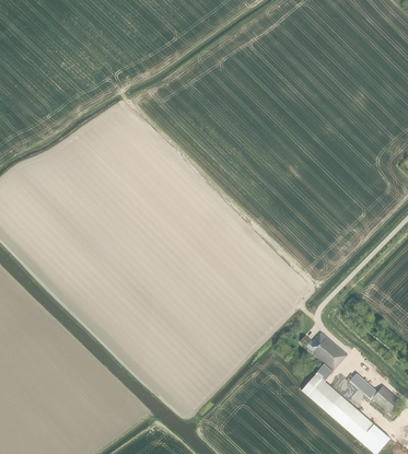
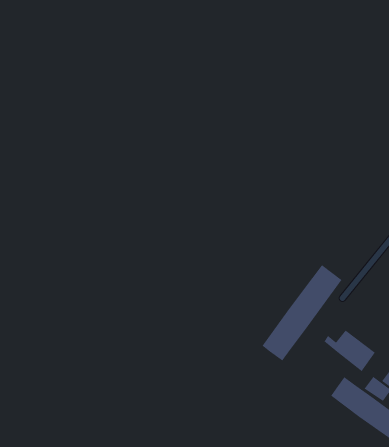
building: none -> [262,264,343,361]

